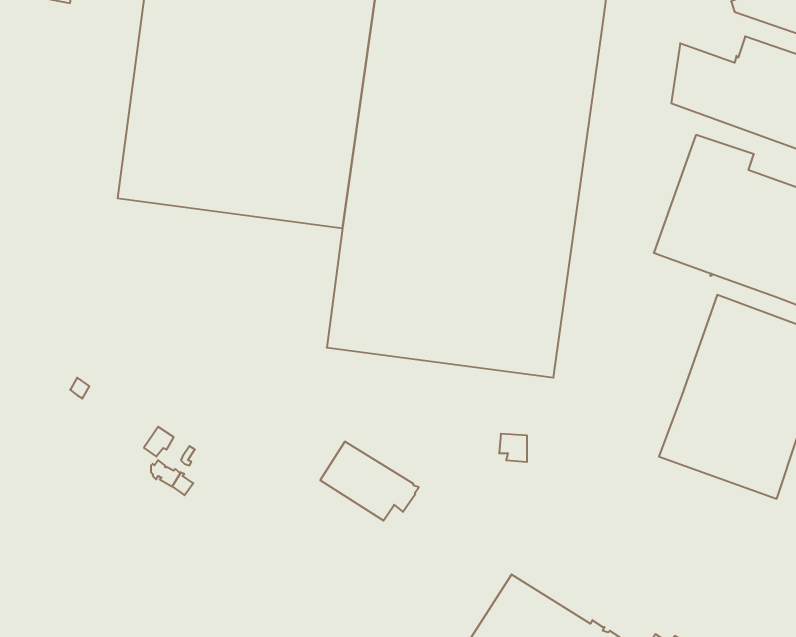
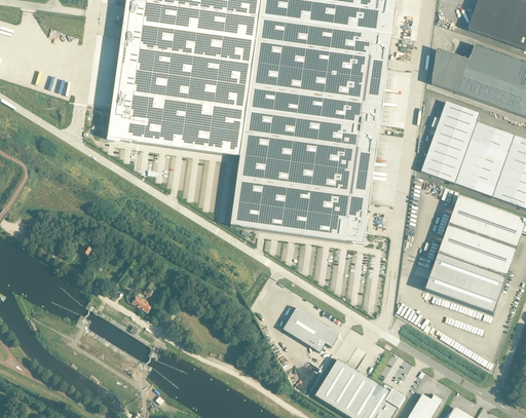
building: [320,442,419,521] -> [283,305,340,351]

